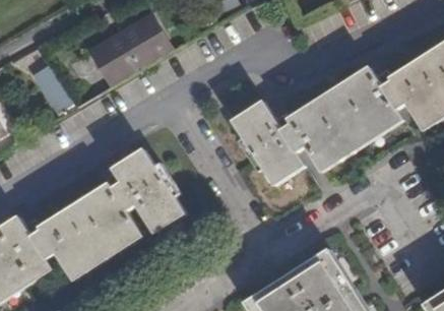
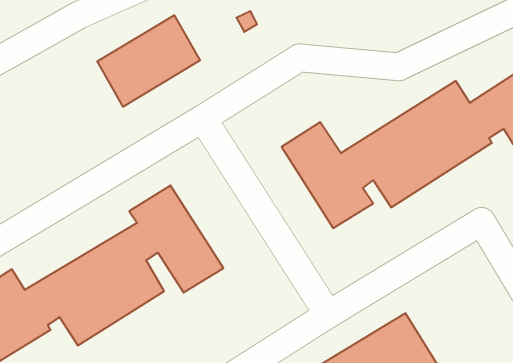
building: [33,62,76,114] -> none

